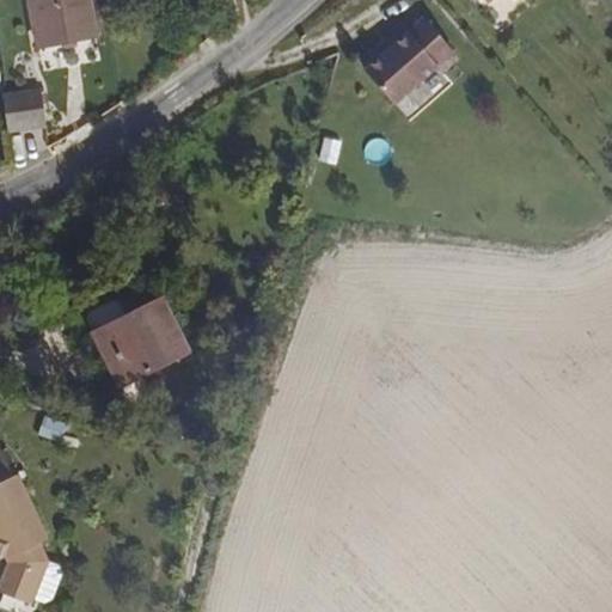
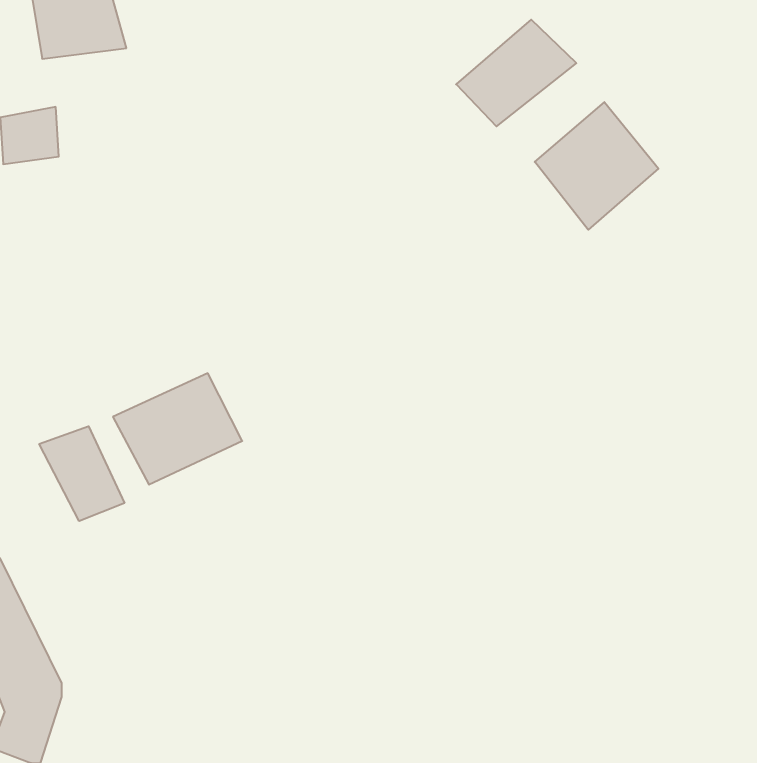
building: none -> [535,102,658,230]
building: none -> [39,426,124,521]

